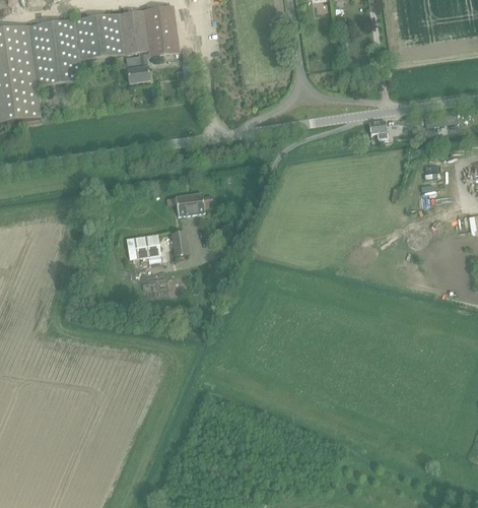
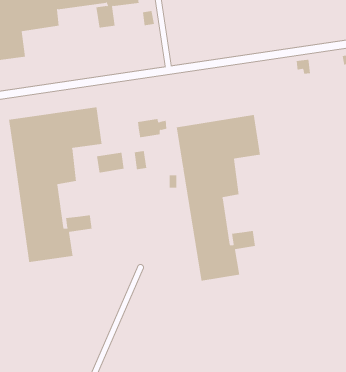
building: none -> [9,106,102,263]
building: none -> [176,114,260,282]

